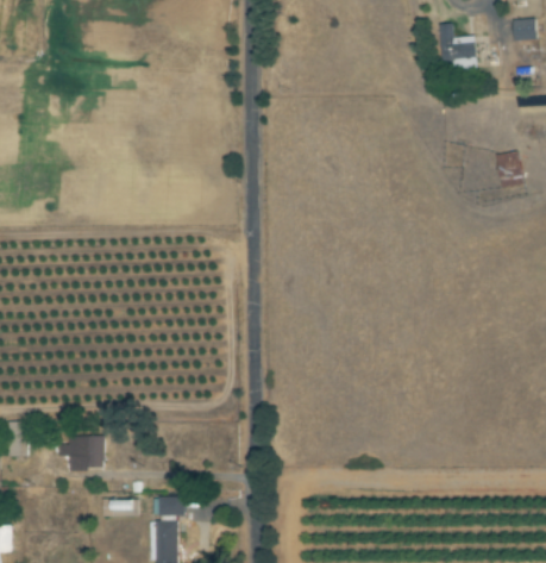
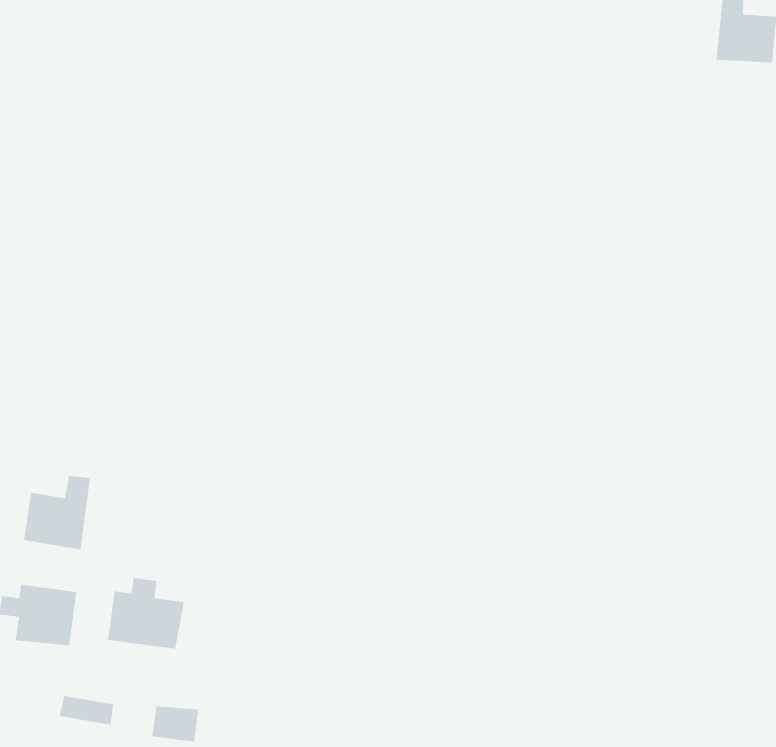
building: none -> [23,475,91,550]
building: none -> [107,577,185,649]

